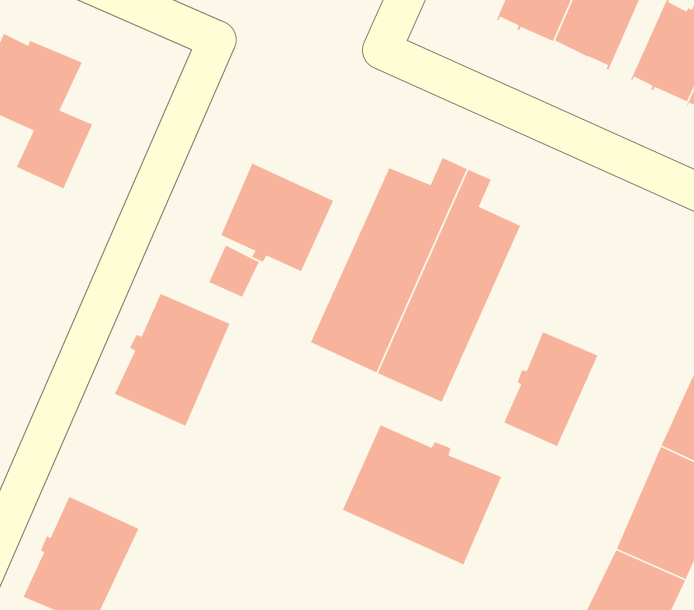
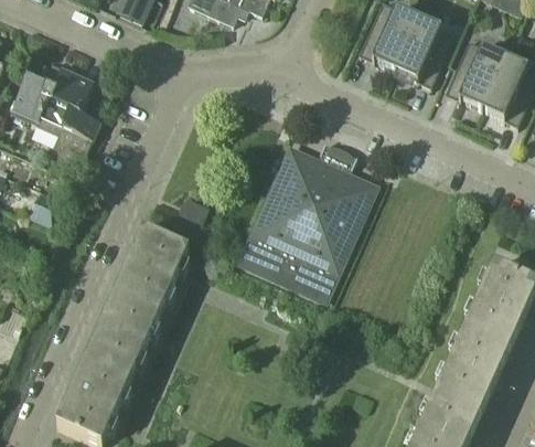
building: [220,162,334,272] -> none
building: [503,331,599,447] -> none
building: none -> [84,295,159,381]
building: [342,424,502,565] -> none

